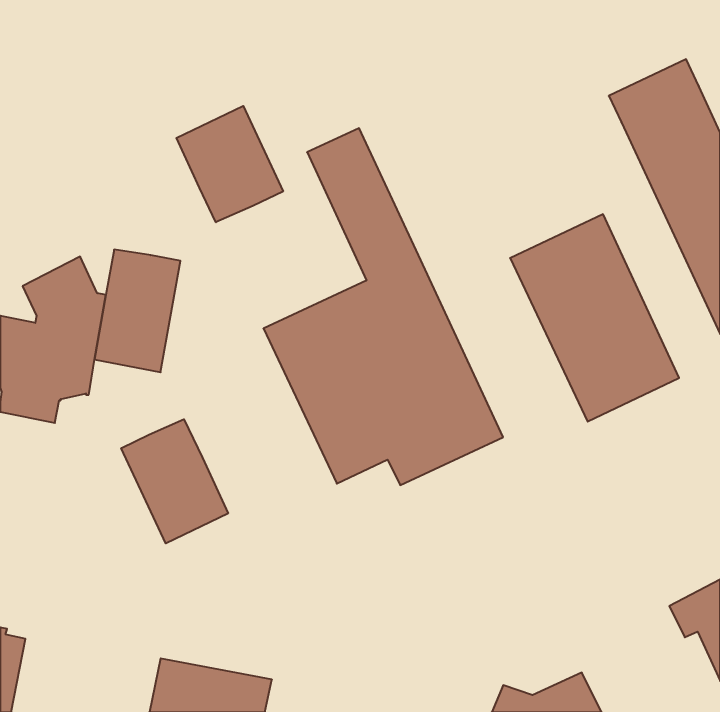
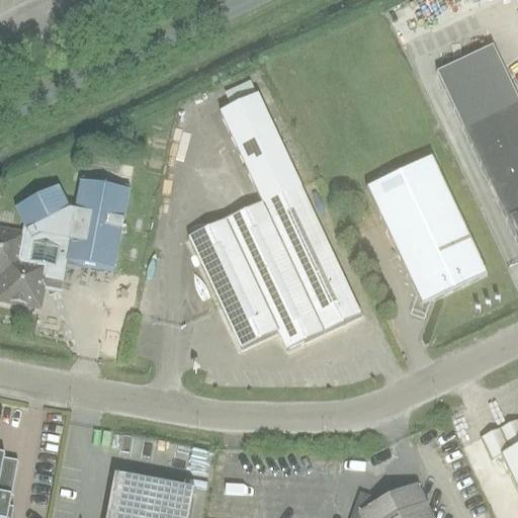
building: [176,106,283,222] -> none
building: [121,419,228,543] -> none

